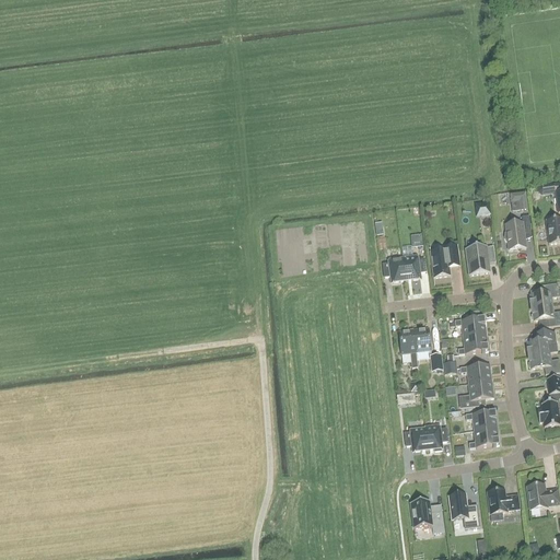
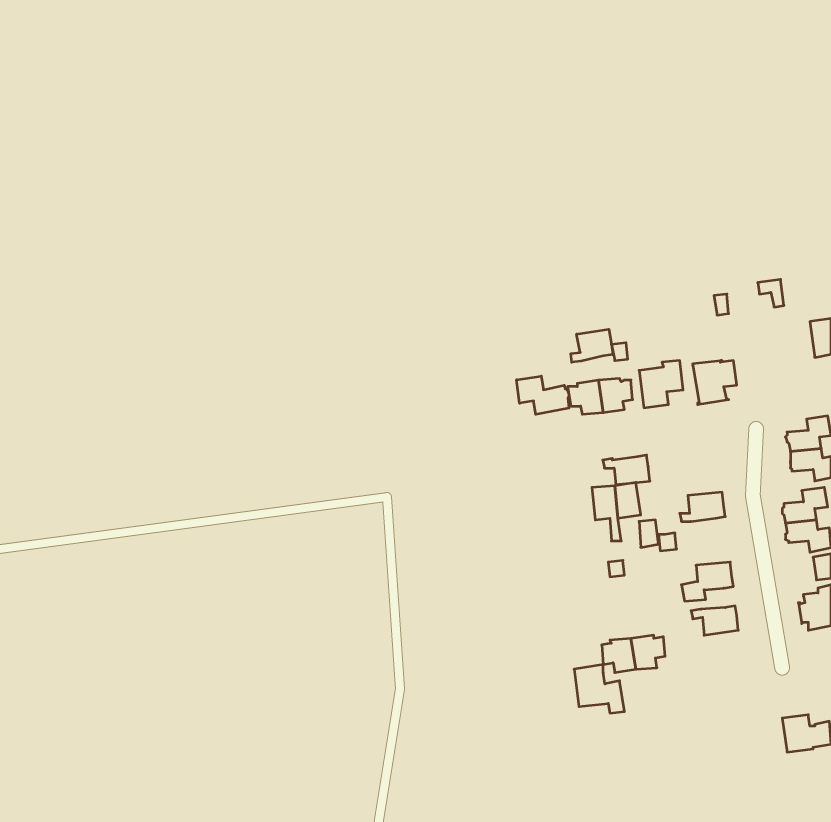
building: [504,211,532,246] -> none
building: none -> [571,329,613,362]
building: none -> [517,376,569,414]
building: [454,314,486,334] -> [603,455,650,484]
building: [459,361,491,381] -> none
building: [468,424,499,445] -> none
building: [487,486,520,511] -> none
building: [452,491,481,525] -> none
building: [410,497,444,529] -> [574,664,624,713]

